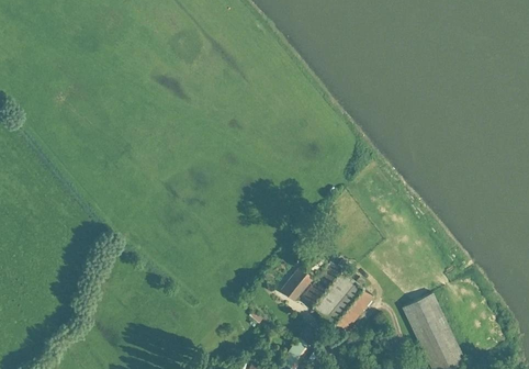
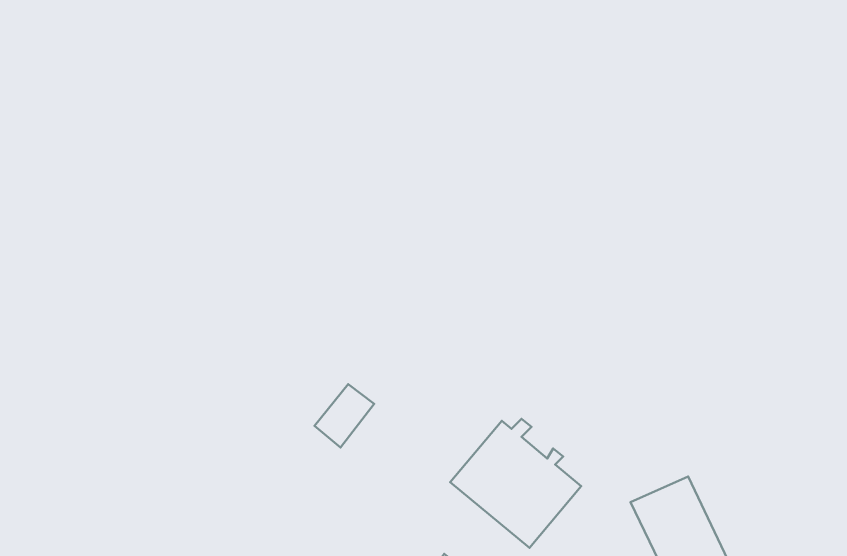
building: [280,267,313,302] -> [315,384,374,448]

